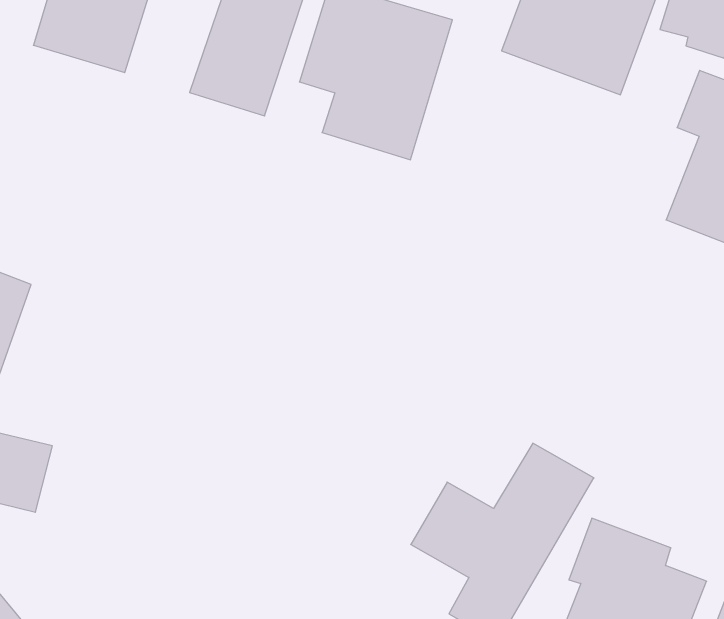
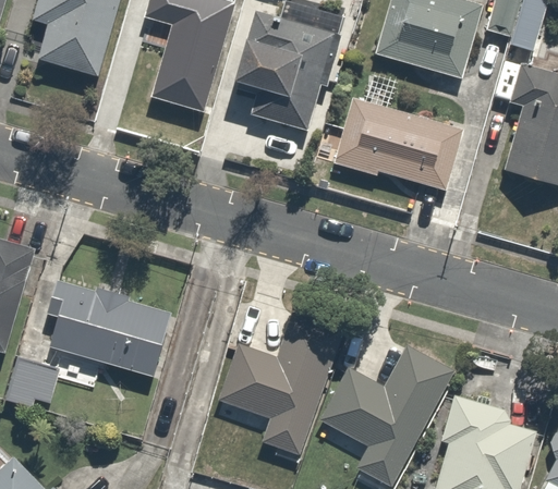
building: none -> [328,93,465,188]
building: none -> [45,276,173,379]
building: none -> [221,320,341,456]

